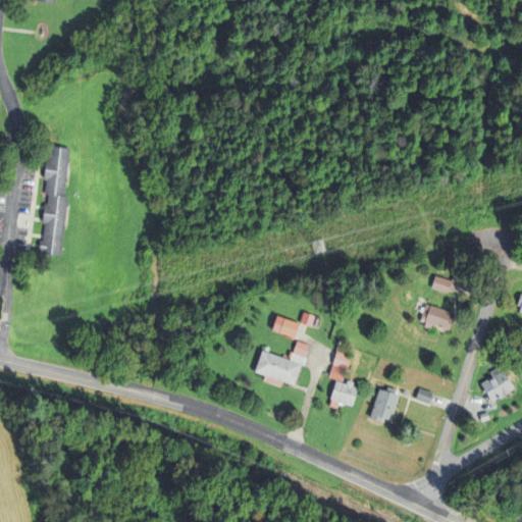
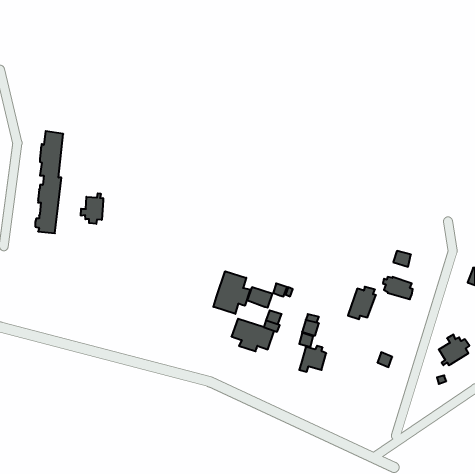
building: none -> [81,193,103,224]
building: none -> [213,271,250,314]
building: [369,387,400,423] -> [348,287,376,319]

